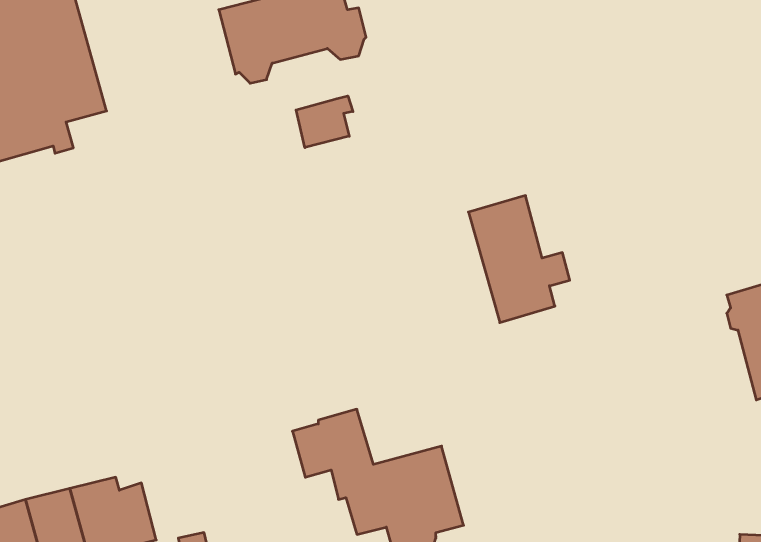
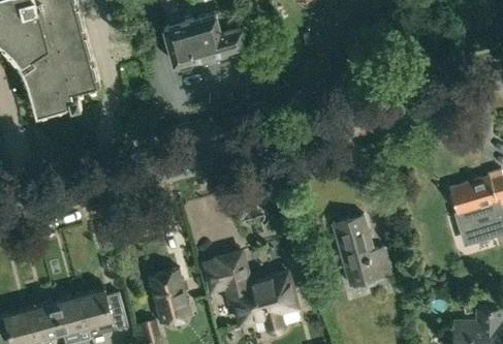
building: [296,96,353,148] -> none
building: [468,196,570,323] -> [332,217,388,288]
building: none -> [148,271,189,323]

